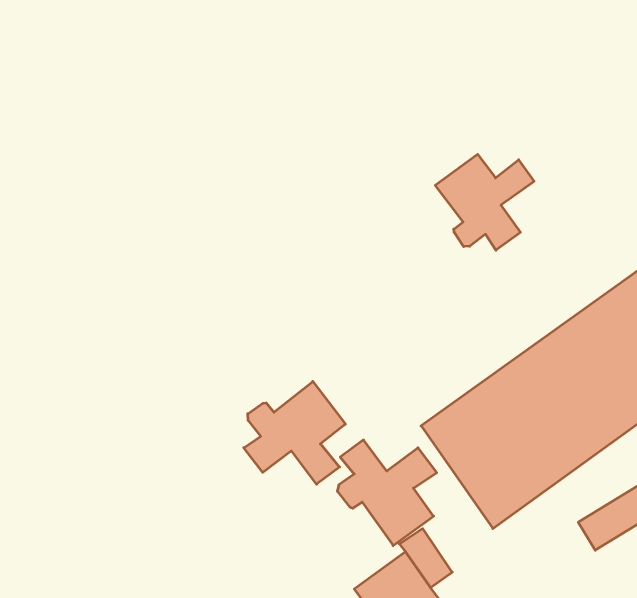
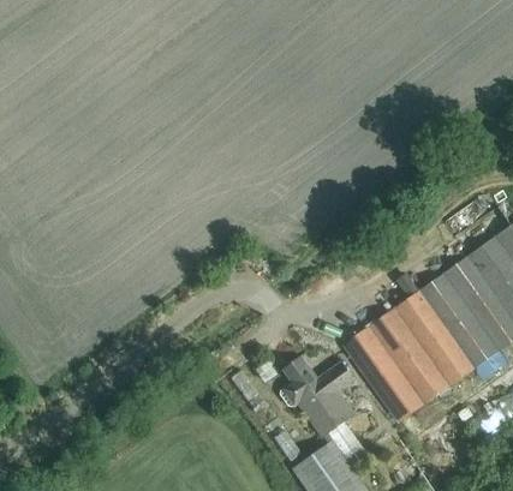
building: [435,154,534,250] -> none
building: [244,381,345,484] -> none

